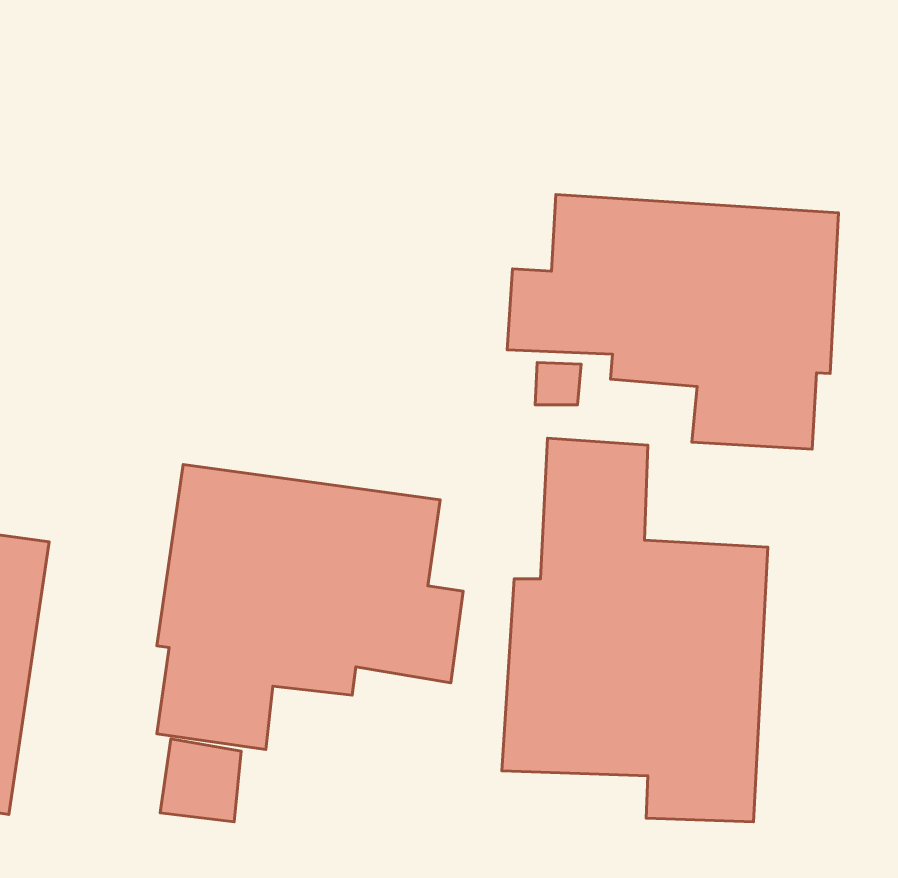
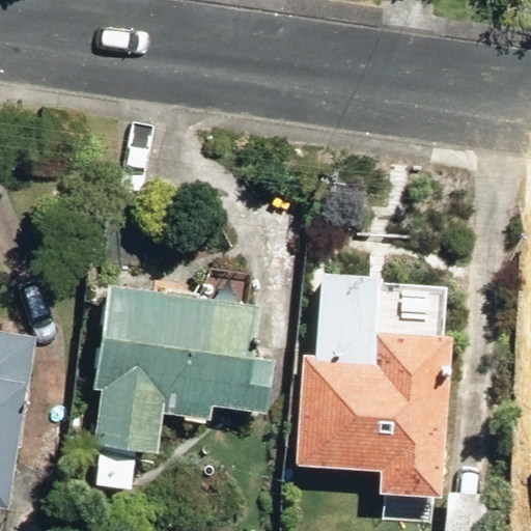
building: [507,195,839,449] -> none

